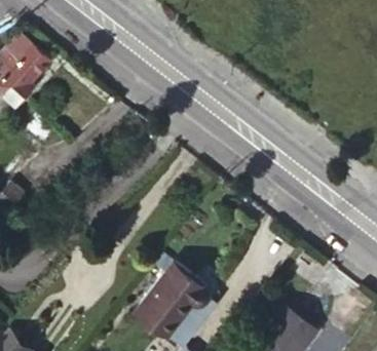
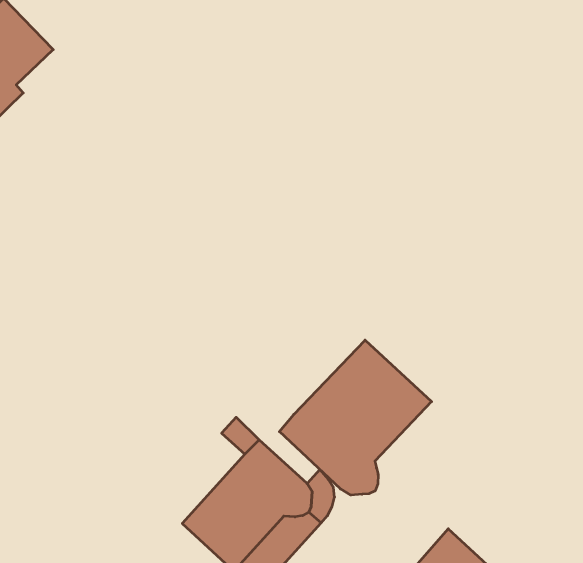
building: none -> [279,340,432,495]

